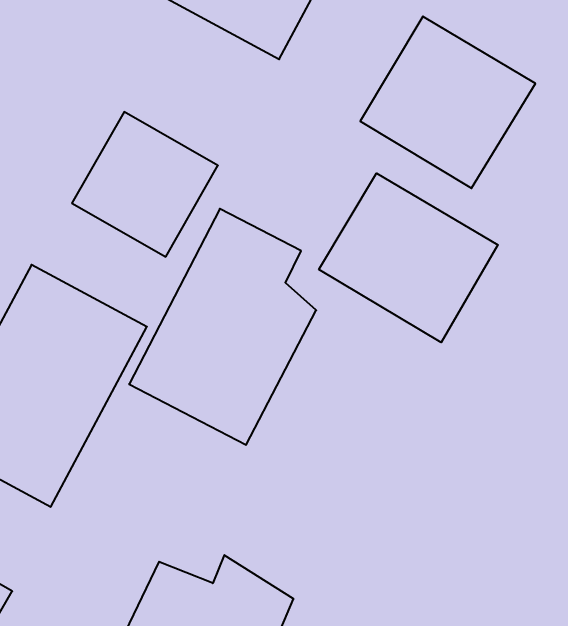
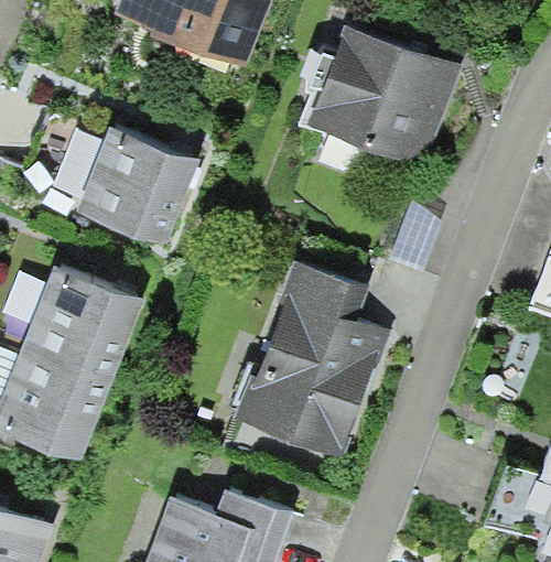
building: [319,173,498,342] -> none
building: [129,209,316,445] -> [236,261,387,456]

